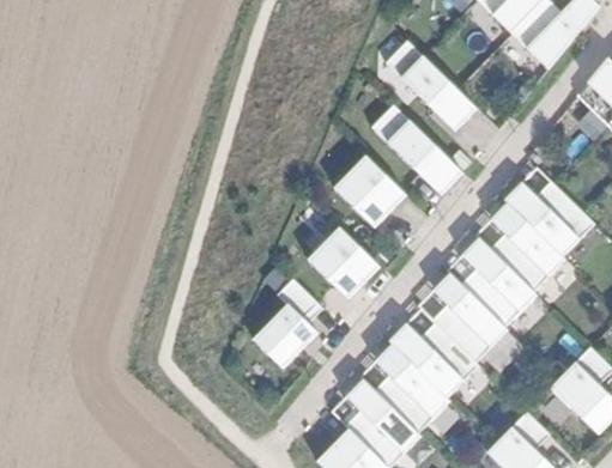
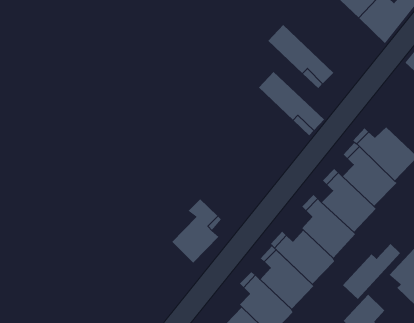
building: [335,158,407,230] -> none
building: [307,227,378,299] -> none
building: none -> [342,243,401,300]

